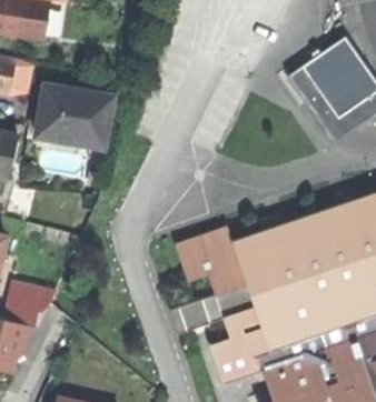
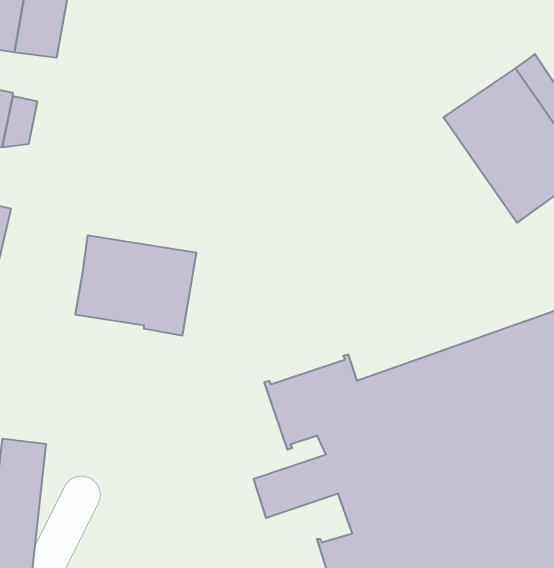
building: [36,86,112,149] -> [75,235,197,336]

